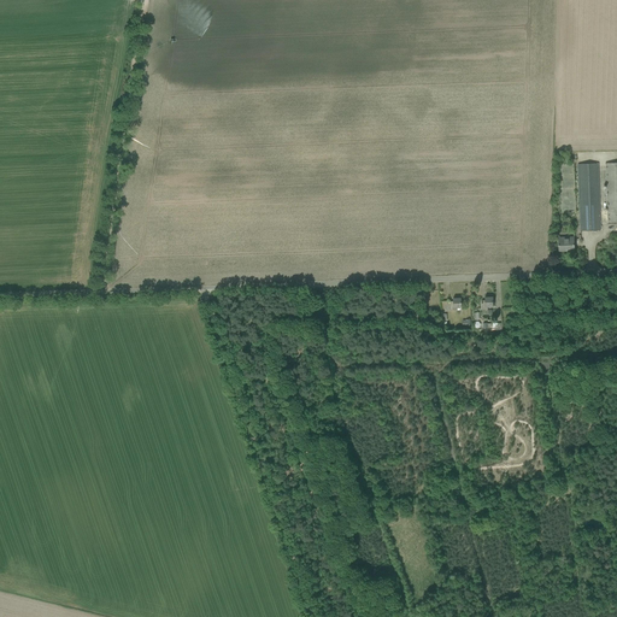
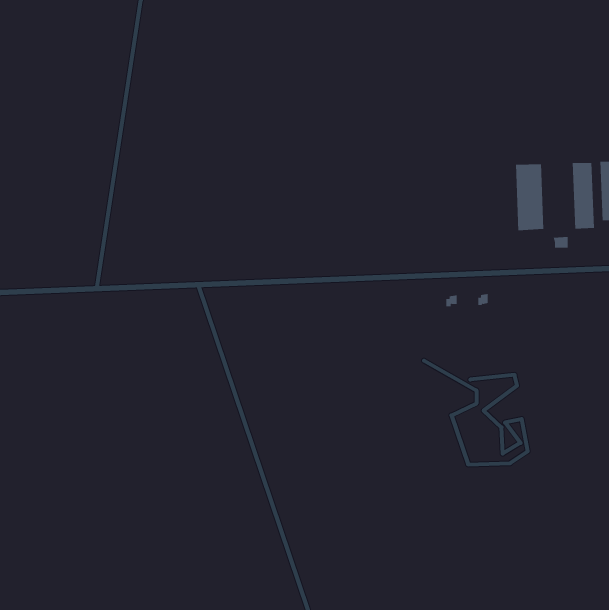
building: none -> [515,164,544,231]

